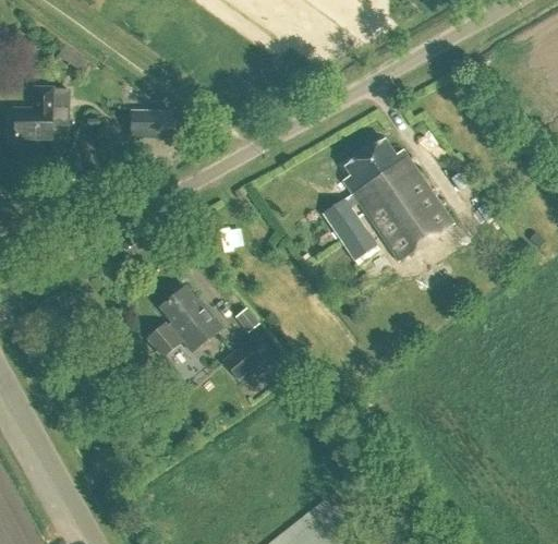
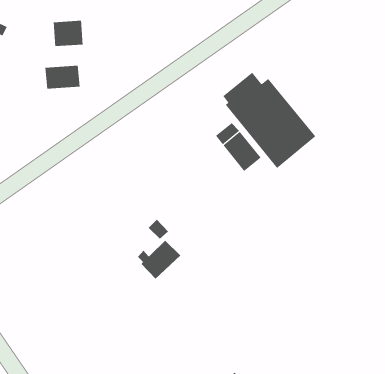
building: none -> [53,20,83,47]
building: [146,286,220,358] -> none

